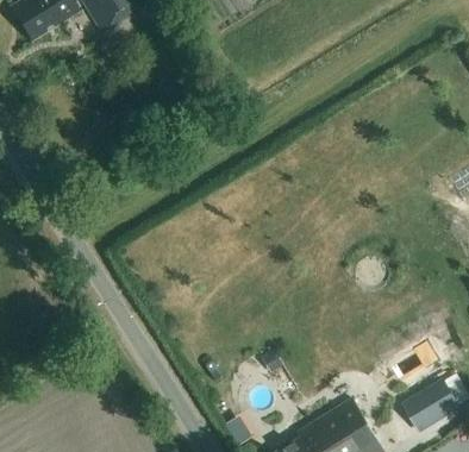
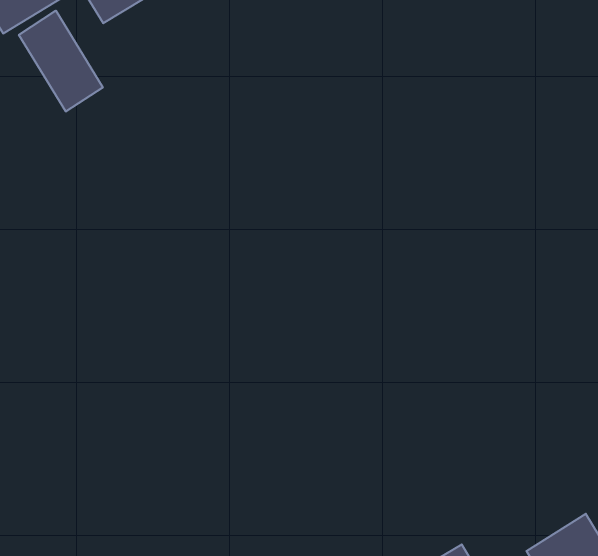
building: none -> [19,11,103,112]

